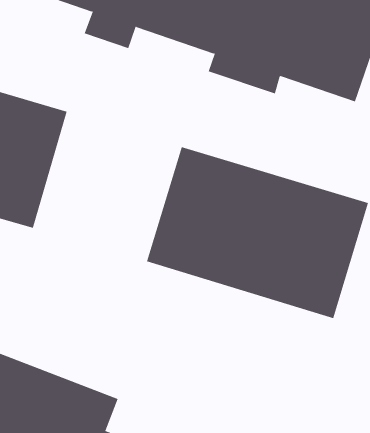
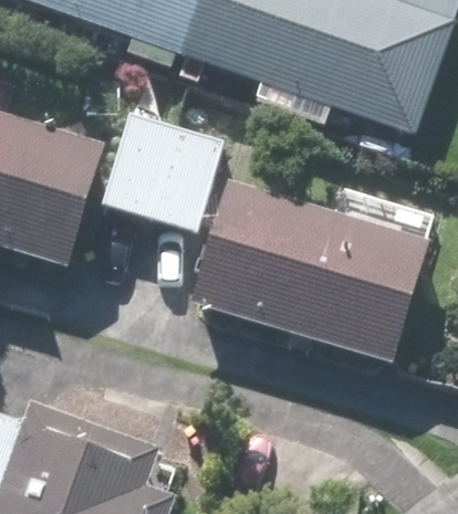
building: none -> [98,107,223,230]

